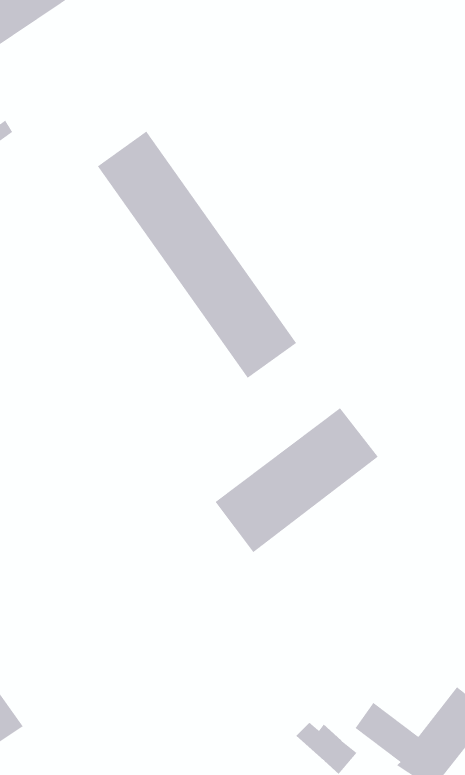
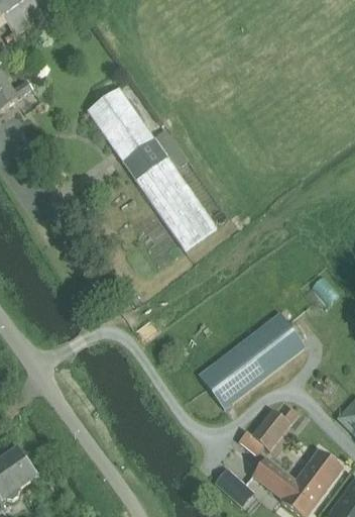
building: [214,407,379,553] -> [199,312,306,407]
building: none -> [239,400,300,453]

